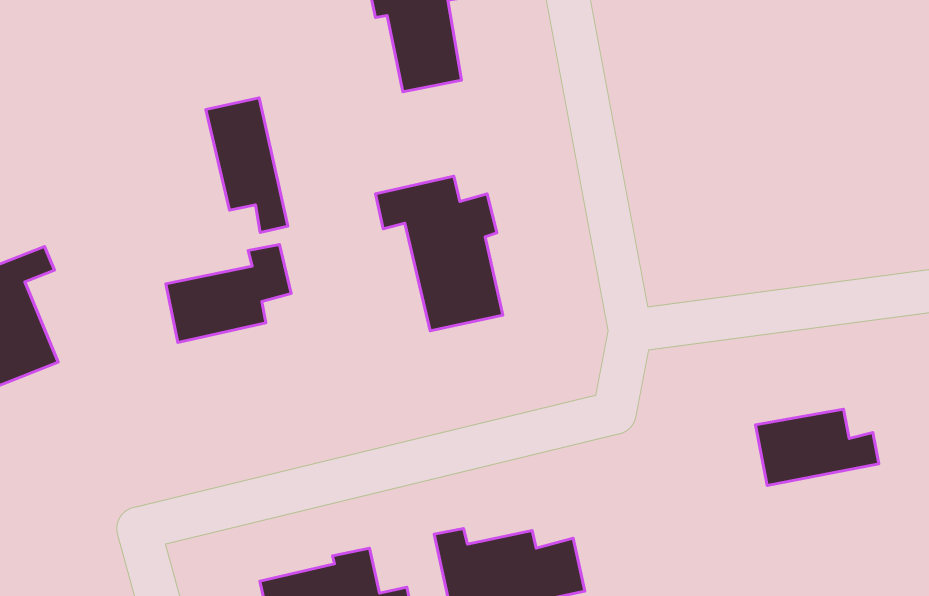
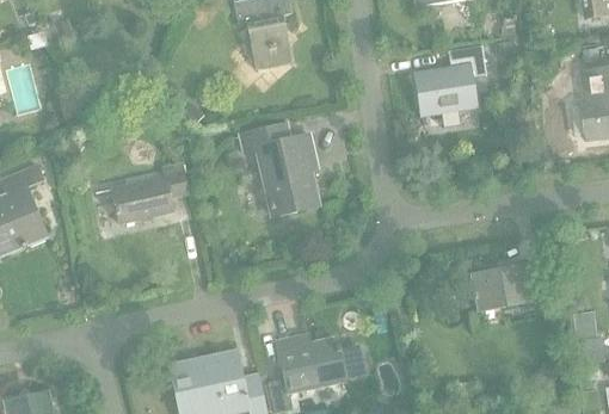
building: none -> [416,44,494,115]
building: [206,98,288,232] -> none

